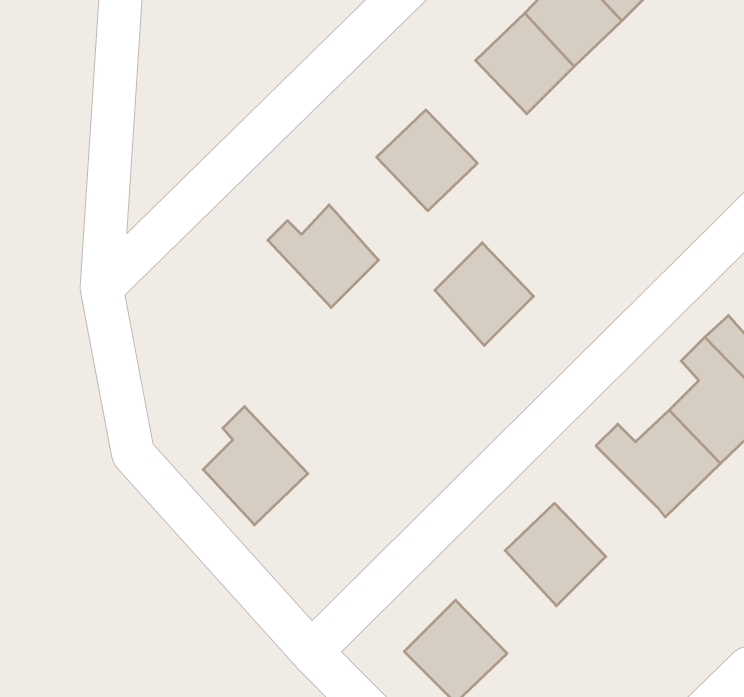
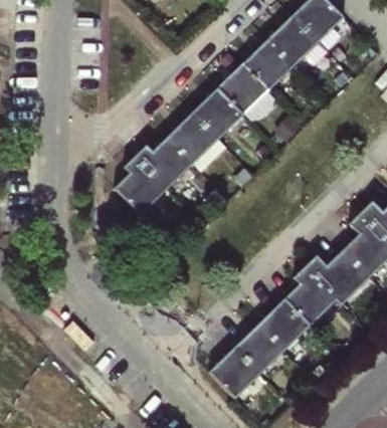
building: none -> [218,66,269,119]
building: [435,243,534,346] -> [169,116,219,168]
building: [203,406,308,525] -> [117,158,170,218]
building: none -> [283,262,336,318]
building: none -> [233,315,284,368]

